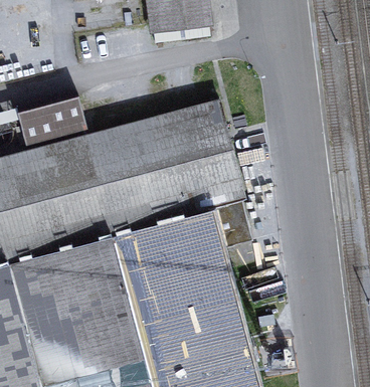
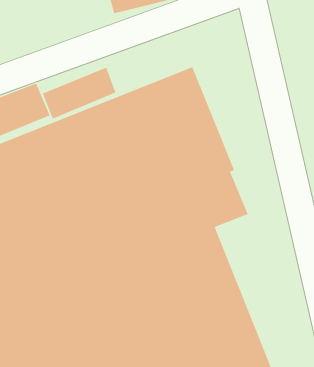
building: none -> [42,67,116,120]

